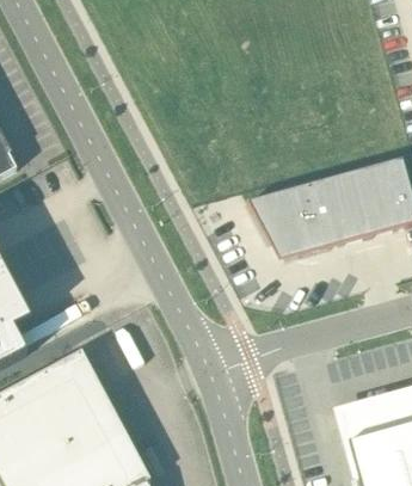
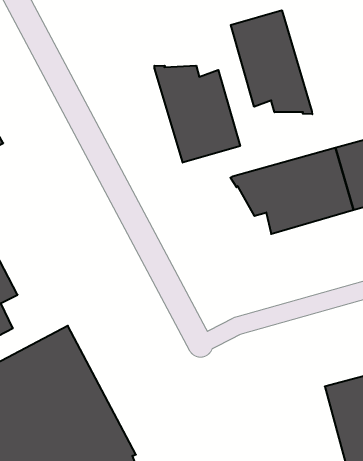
building: none -> [231,10,312,114]
building: none -> [154,66,240,163]

